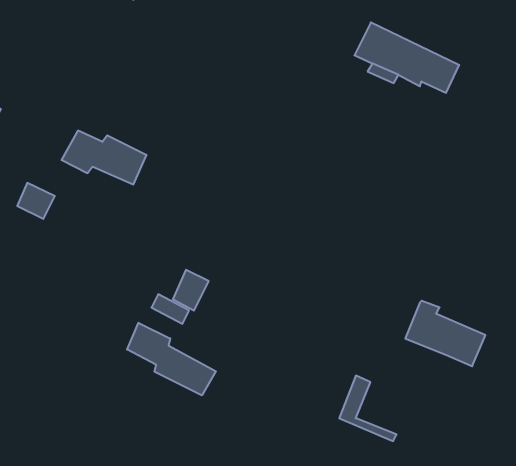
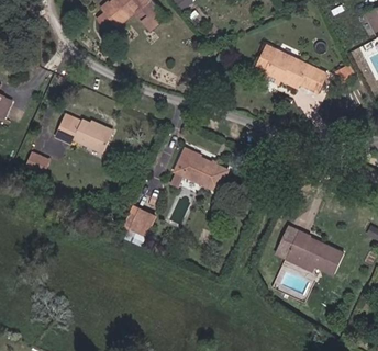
building: none -> [171,150,229,191]
building: [127,323,216,395] -> none
building: [339,376,397,441] -> [276,226,314,270]

